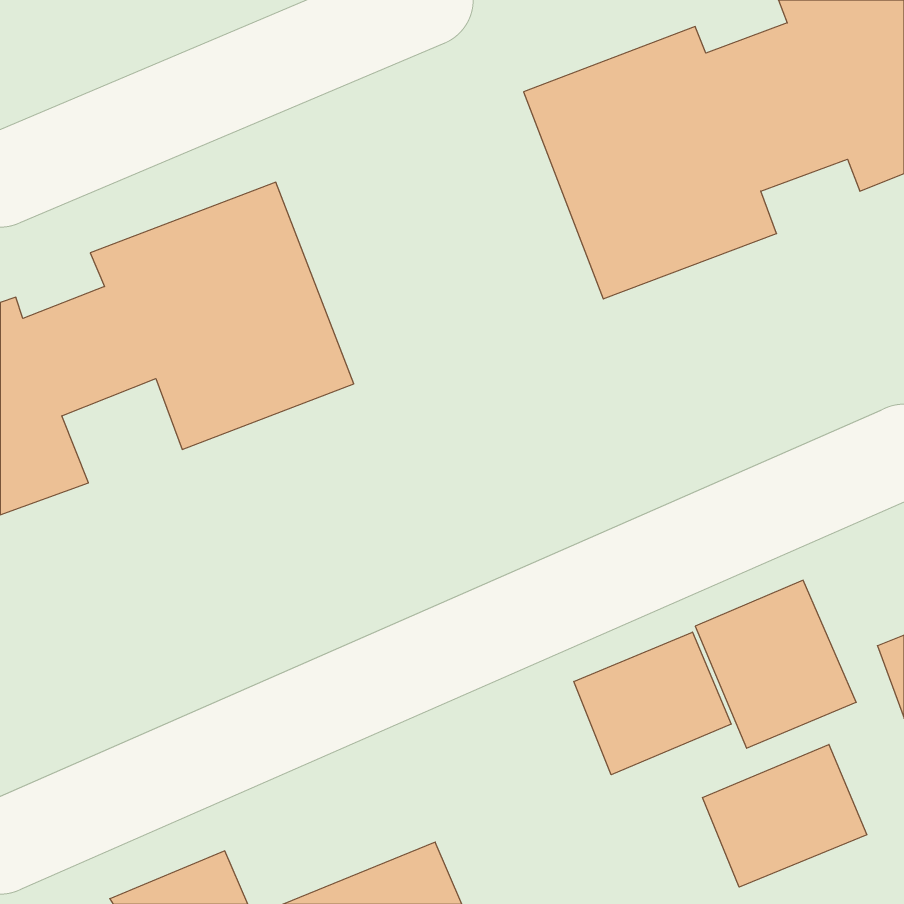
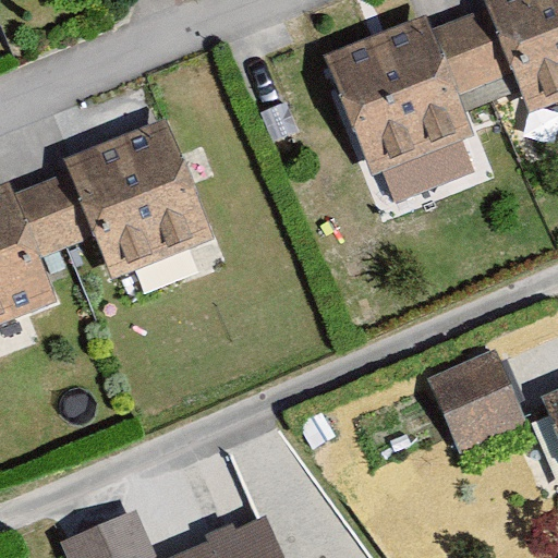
building: [574,632,731,775] -> none
building: [702,744,867,887] -> none

